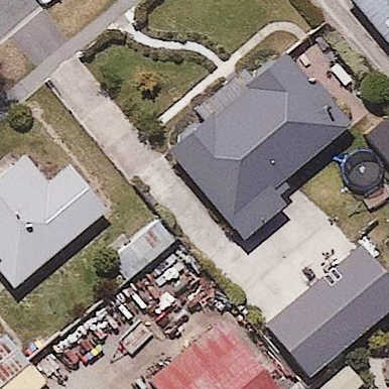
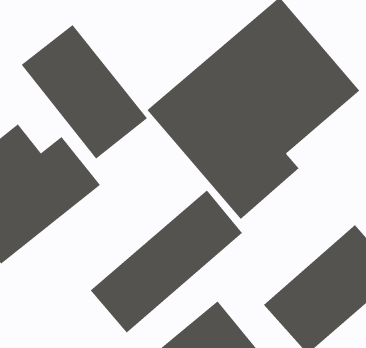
building: none -> [21,24,148,160]
building: none -> [90,190,243,334]

